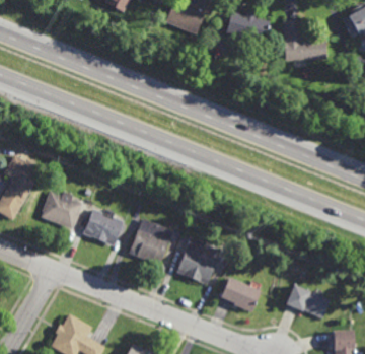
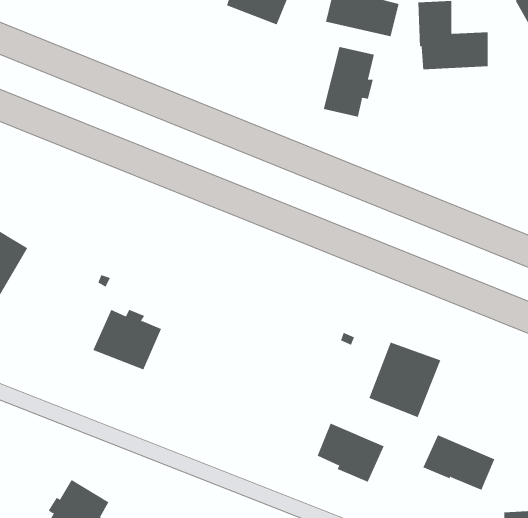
building: none -> [323,46,375,118]
building: [40,191,83,230] -> none
building: [129,219,172,266] -> none
building: [176,238,221,285] -> [369,342,441,418]

